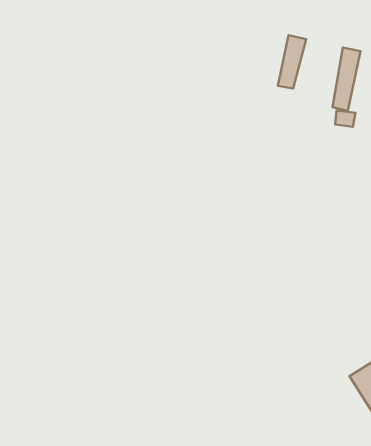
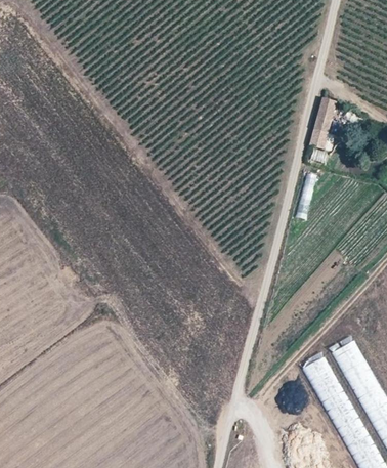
building: [278,35,306,88] -> none

